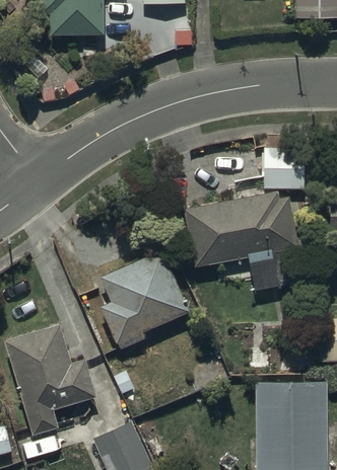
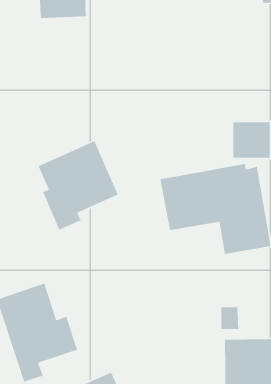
building: [99,249,189,348] -> [38,140,119,231]

